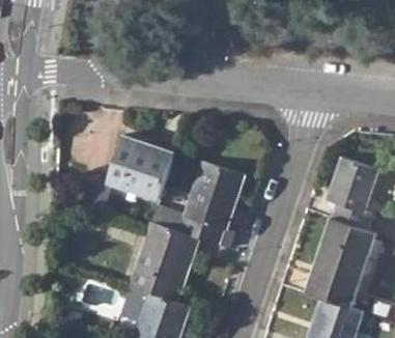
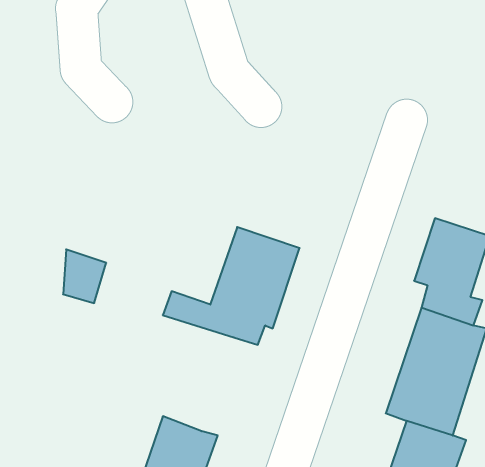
building: [106,137,173,201] -> none
building: [128,225,199,306] -> none

